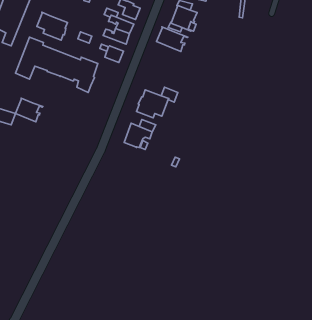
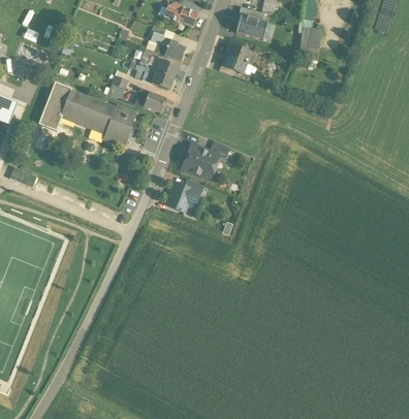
building: [37,12,67,40] -> none
building: [156,27,188,52] -> none
building: [15,98,43,122] -> none

